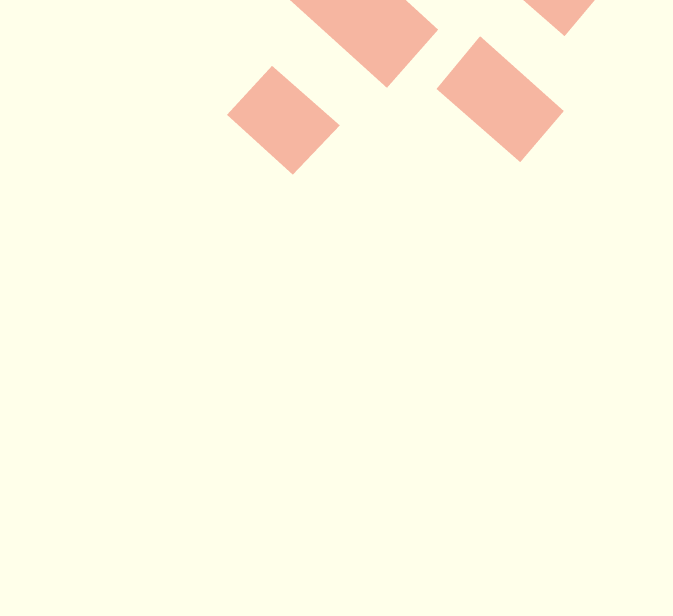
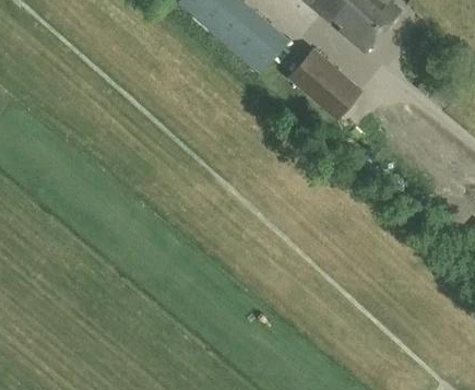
building: [226,65,341,176] -> none

